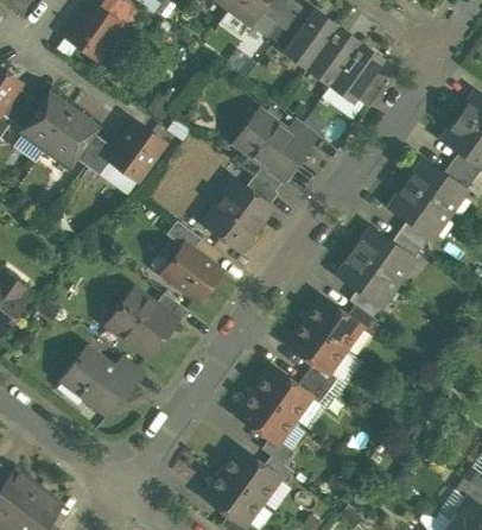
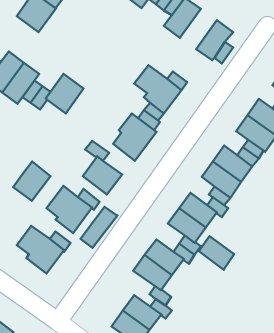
building: [306,26,361,86] -> none
building: none -> [13,161,51,201]
building: none -> [80,207,117,248]
building: none -> [199,236,234,270]

